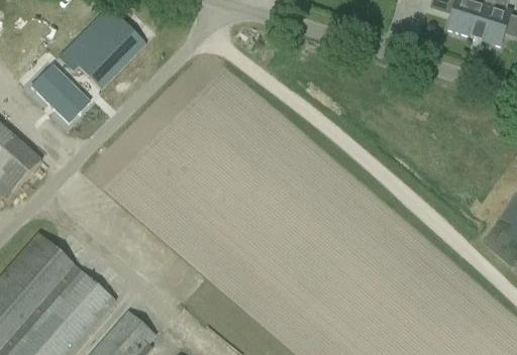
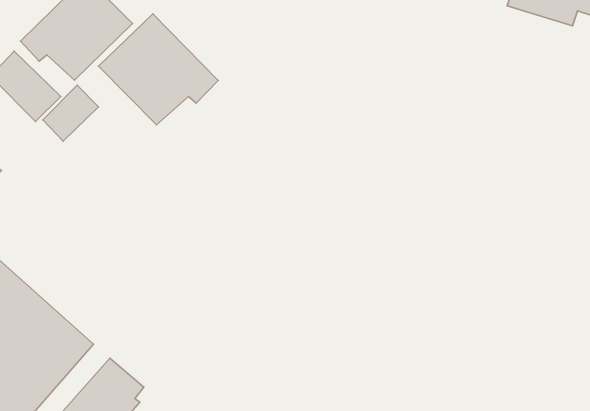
building: none -> [99,14,218,125]
building: none -> [43,85,99,141]

